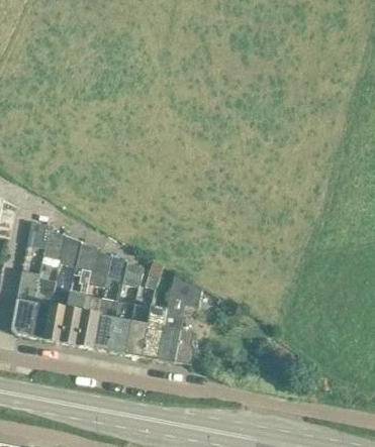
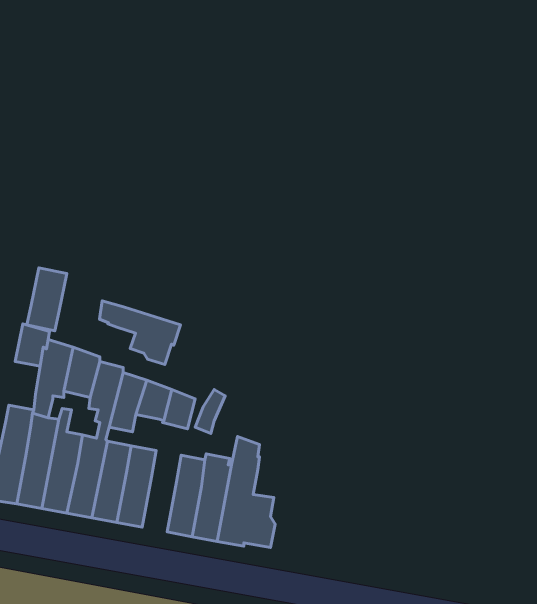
building: none -> [27,268,67,331]
building: none -> [99,301,180,365]
building: [170,273,200,308] -> none
building: [108,302,133,354] -> none

